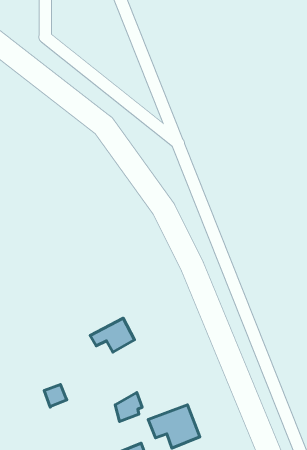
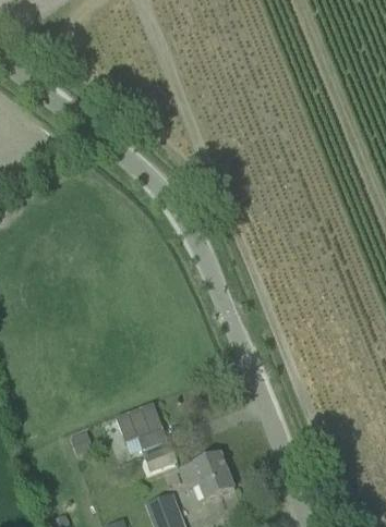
building: [90,318,134,352] -> [120,415,167,451]

